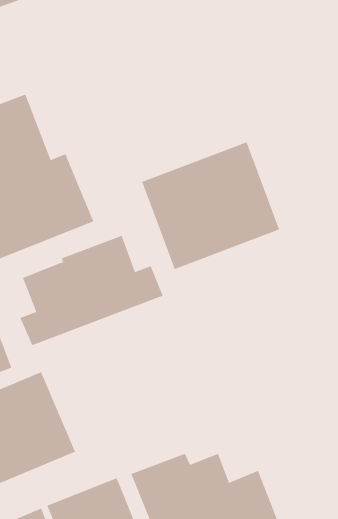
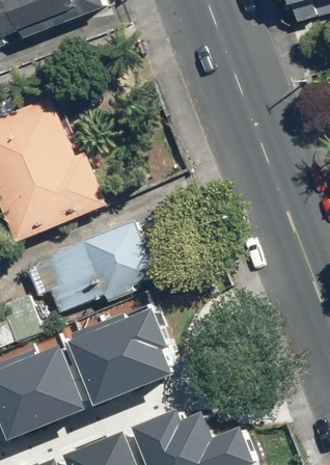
building: [142,142,280,270] -> none
building: none -> [72,306,172,401]

